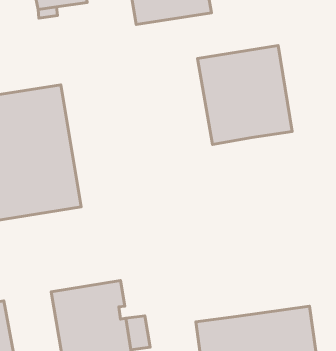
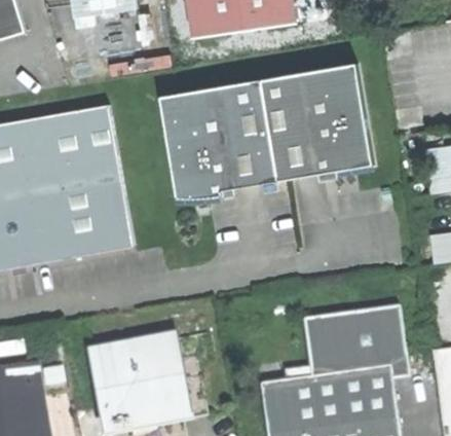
building: none -> [160,76,280,201]
building: none -> [306,304,413,378]

